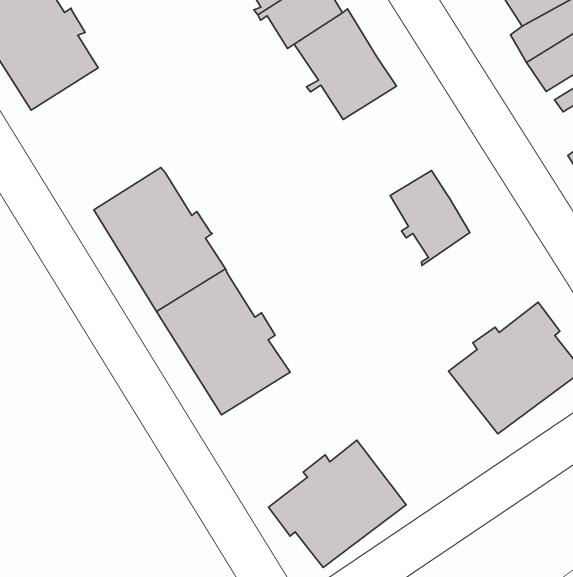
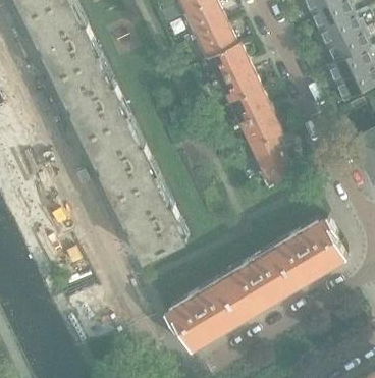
building: none -> [58,60,126,139]
building: none -> [230,89,283,149]
building: none -> [218,250,297,321]

